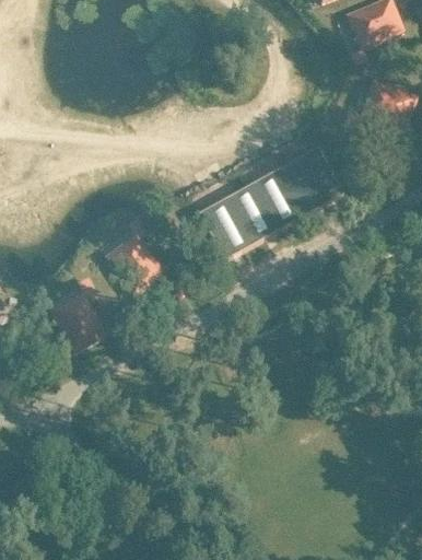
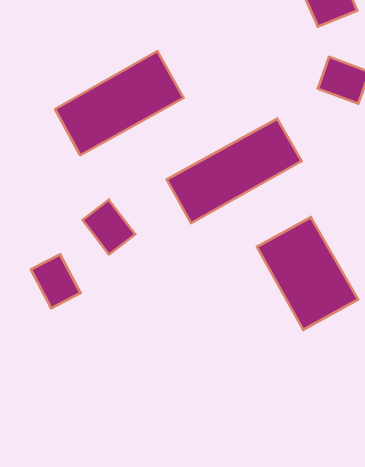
building: none -> [55,51,184,155]
building: none -> [257,217,358,330]

